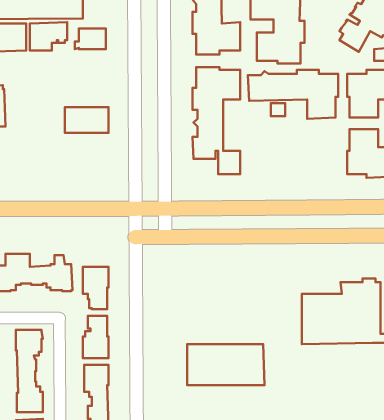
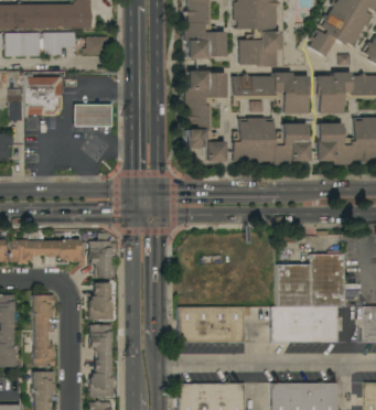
building: none -> [24,74,62,118]
building: none -> [232,118,308,165]
building: none -> [271,306,337,343]

